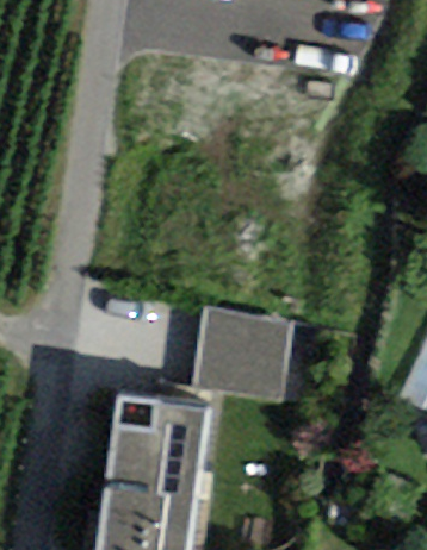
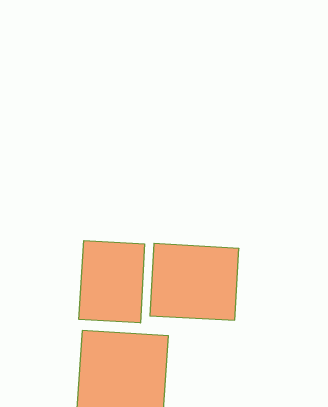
building: none -> [79,241,144,323]

